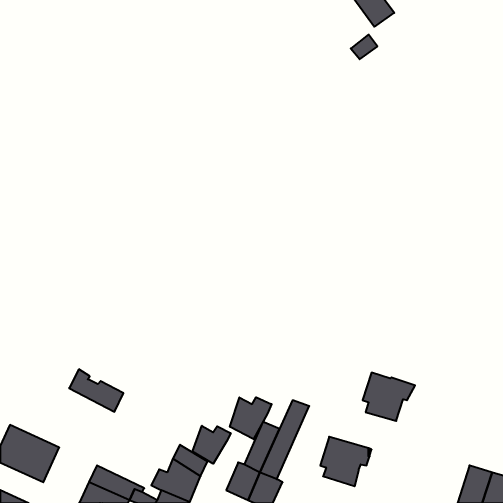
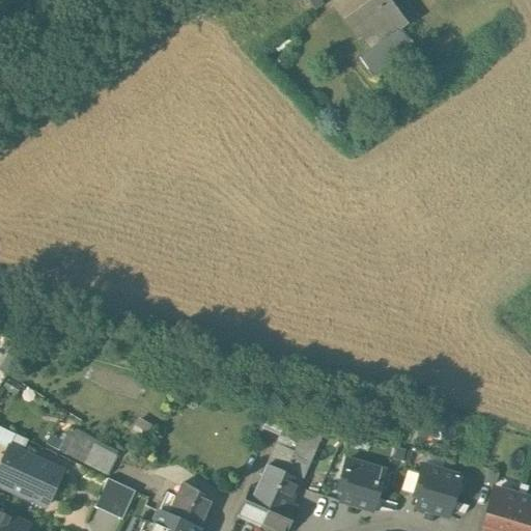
building: [69,369,123,412] -> [60,429,117,474]
building: [363,373,415,421] -> [414,465,469,515]
building: [230,397,272,439] -> none
building: [192,426,231,464] -> none

